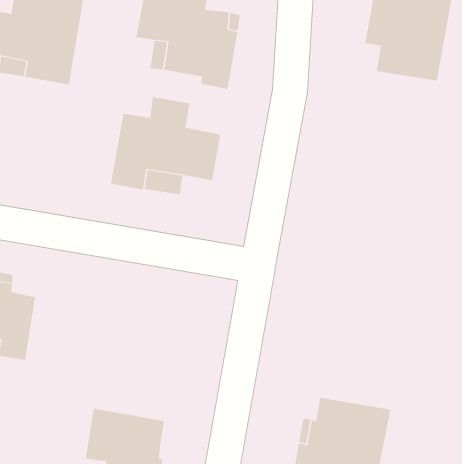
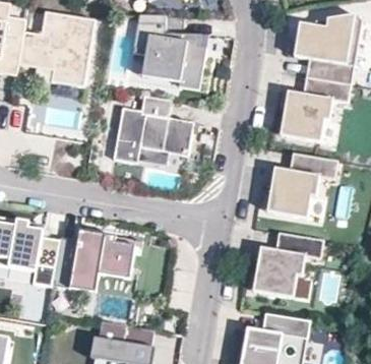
building: none -> [285,76,350,141]
building: none -> [271,153,336,218]
building: none -> [52,232,135,293]
building: none -> [257,232,323,298]

